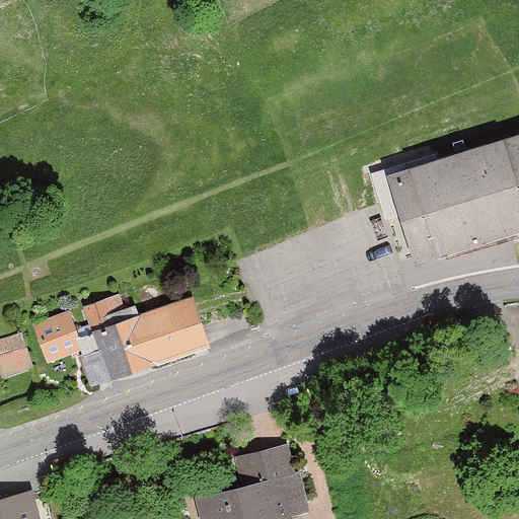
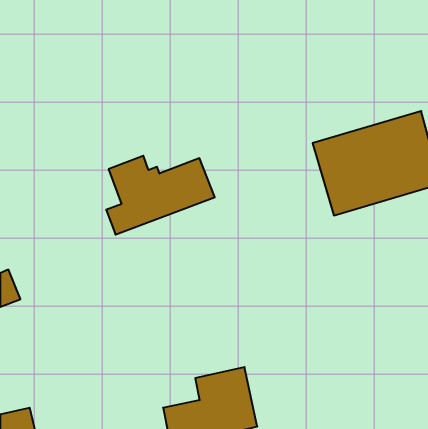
building: [77,293,207,387] -> [106,156,215,235]
building: [31,315,79,365] -> none

